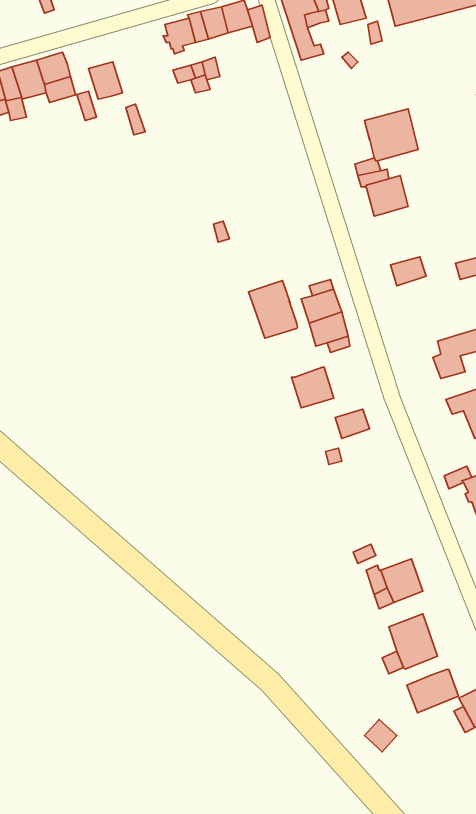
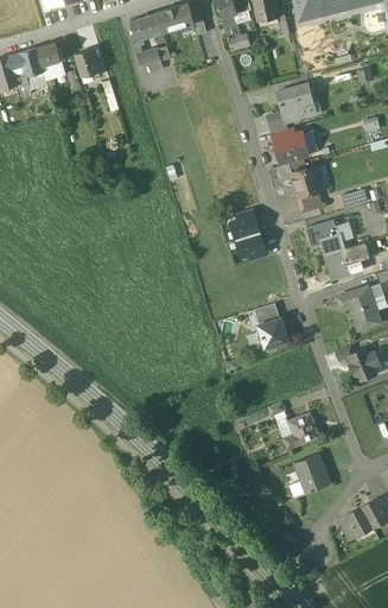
building: none -> [291,169,319,197]
building: [249,281,298,338] -> none
building: none -> [306,218,345,255]
building: [292,367,334,408] -> [257,317,288,347]
building: [407,669,458,713] -> none

